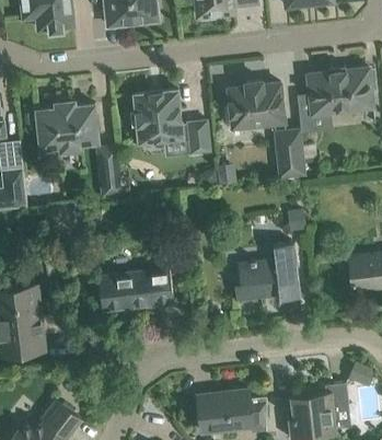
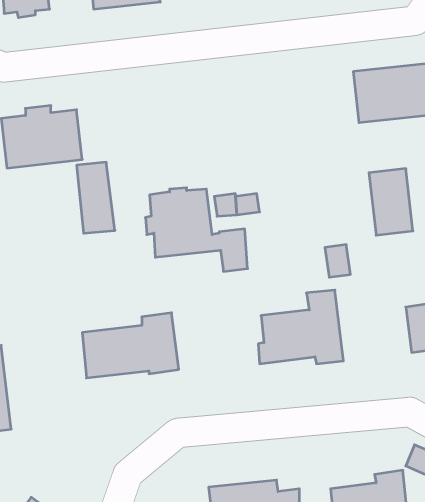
building: [228,80,285,129] -> none
building: [130,89,209,153] -> [145,188,248,271]
building: [271,127,305,178] -> [369,169,413,235]

